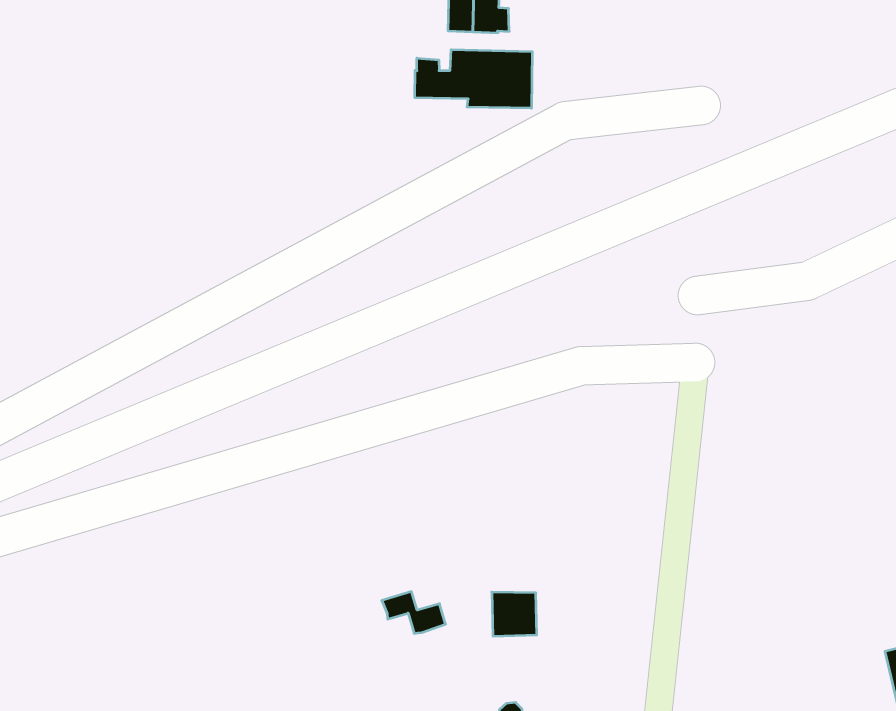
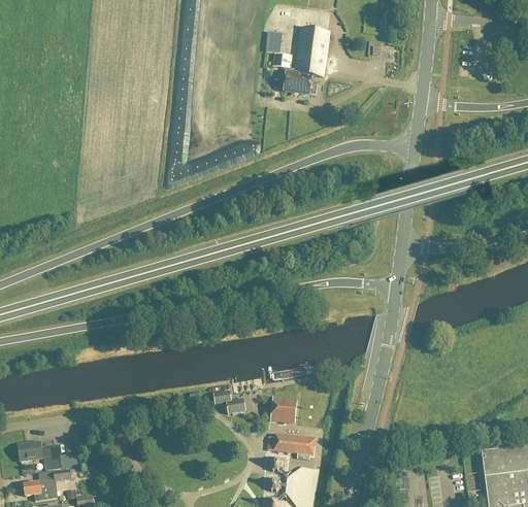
building: [415,50,532,108] -> none
building: none -> [268,433,316,454]

